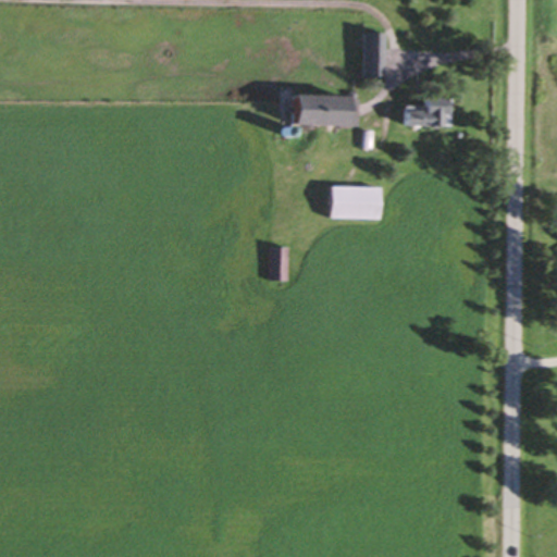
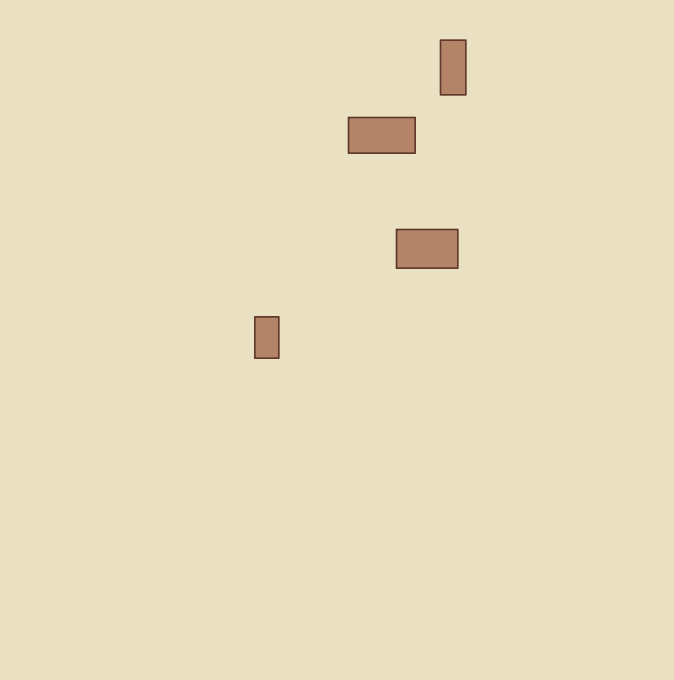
building: [404,98,450,126] -> none
building: [272,247,292,281] -> [255,317,279,358]

